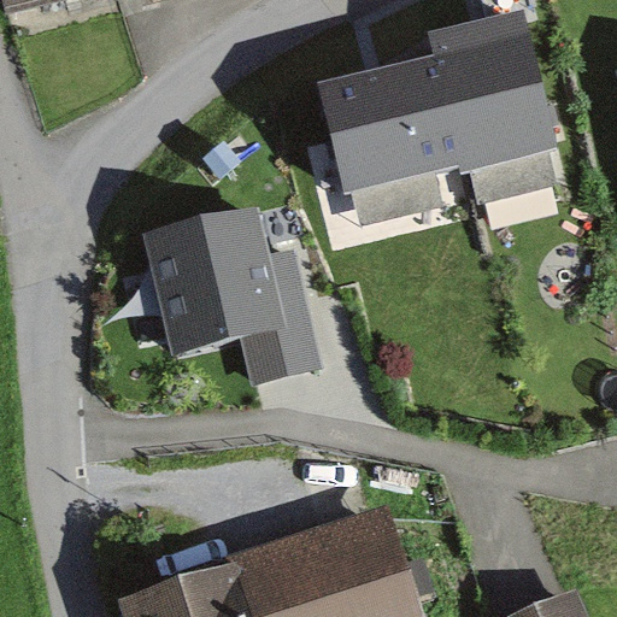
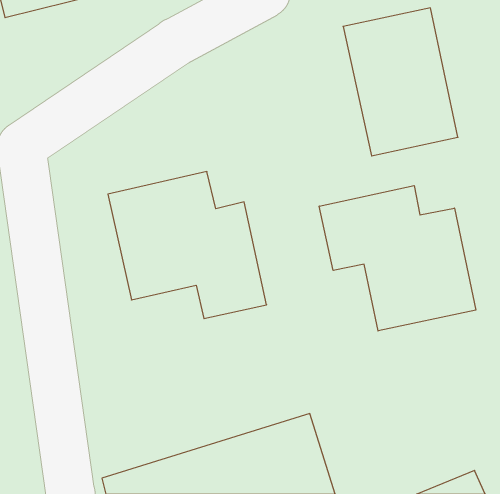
building: [316,65,458,218] -> none
building: none -> [319,186,476,331]

